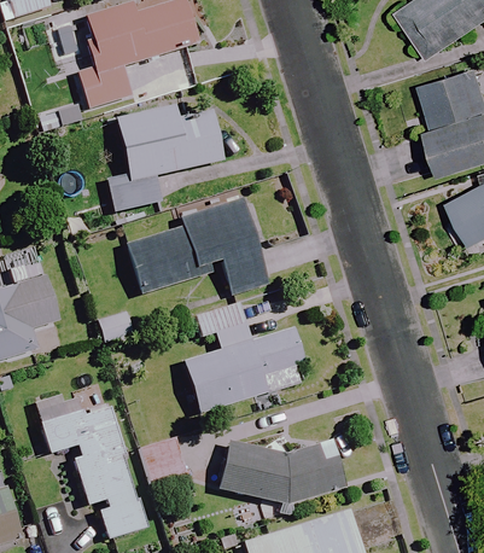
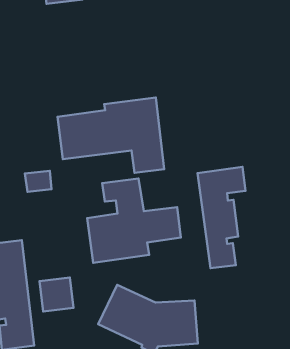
building: [107,104,222,211] -> none
building: none -> [198,167,245,268]

